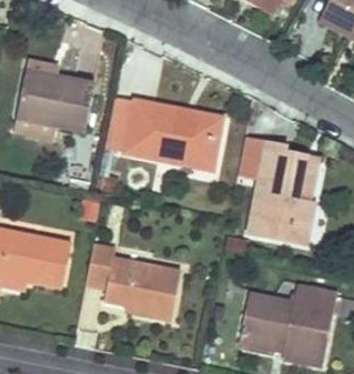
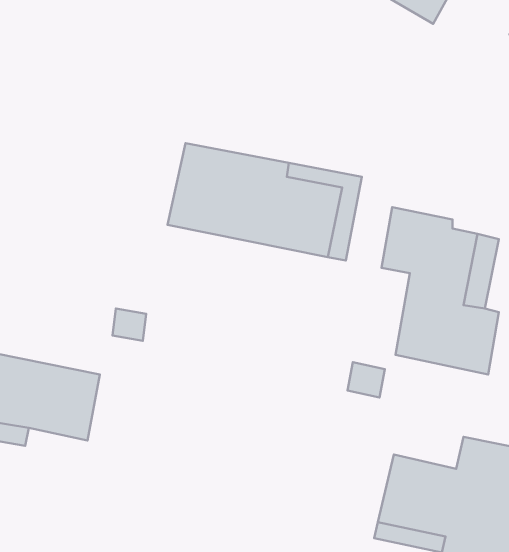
building: [20,68,99,131] -> none
building: [85,242,180,316] -> none

